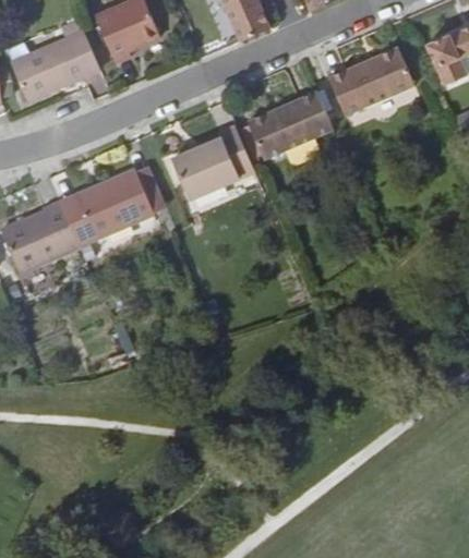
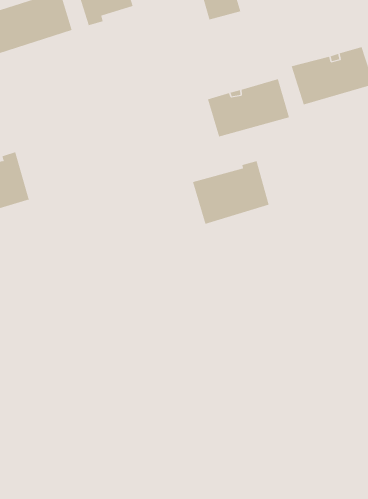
building: [172,126,254,198] -> [192,160,270,224]
building: [59,168,155,246] -> none

